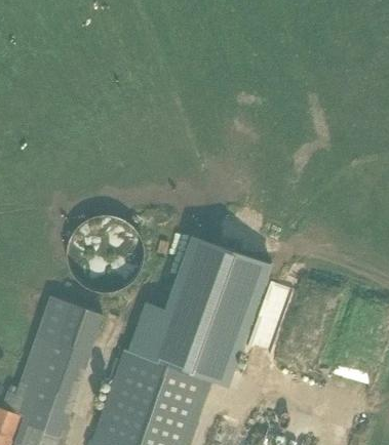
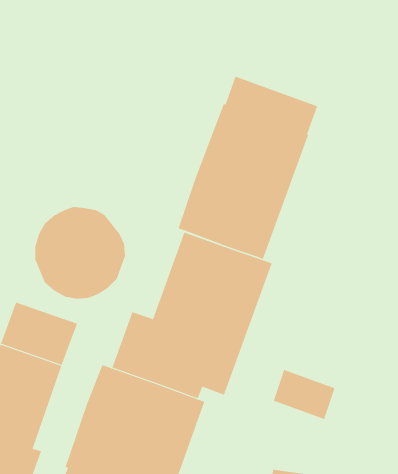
building: none -> [178,76,318,260]
building: none -> [273,369,335,420]

